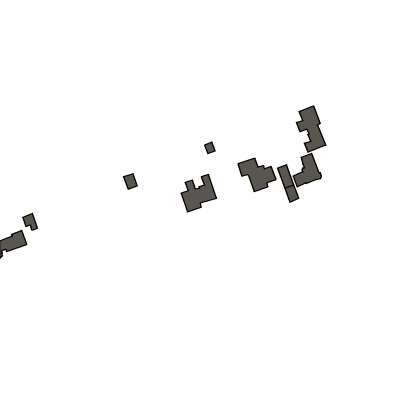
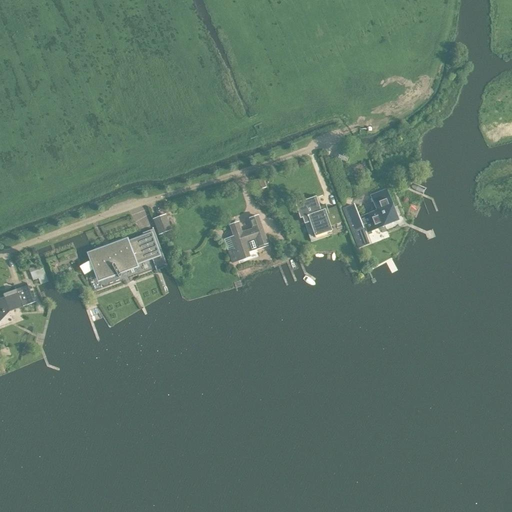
building: [297,106,326,152] -> none
building: none -> [86,228,165,280]

